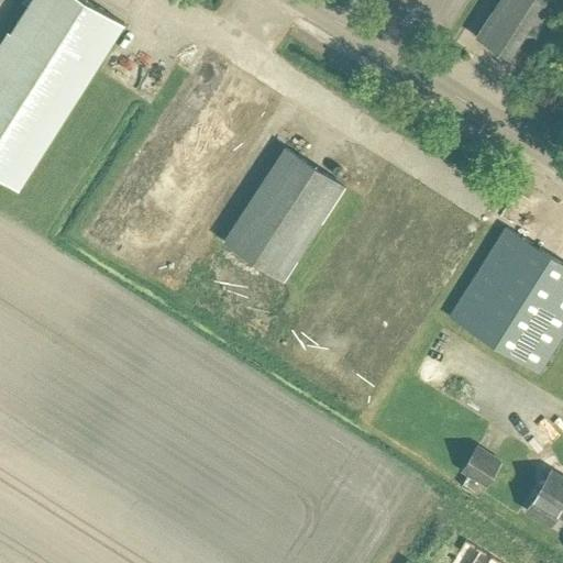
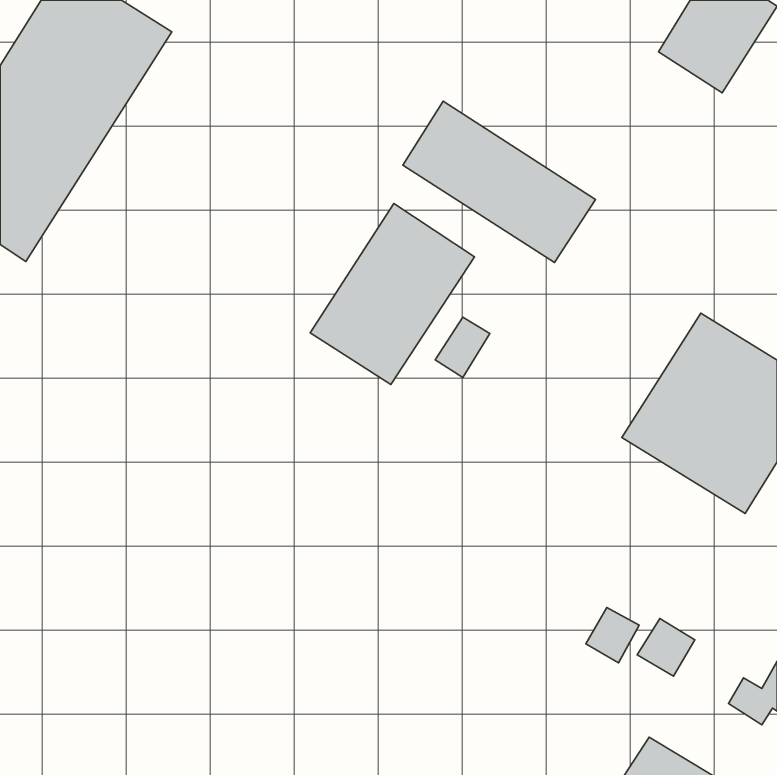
building: none -> [403,101,596,262]
building: none -> [435,317,490,378]
building: none -> [586,607,639,663]

